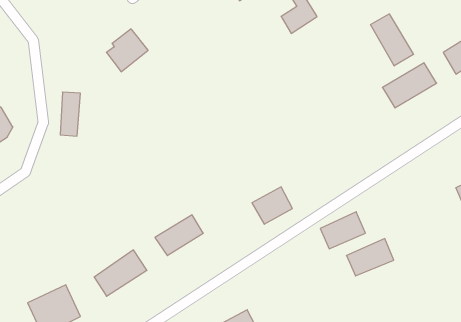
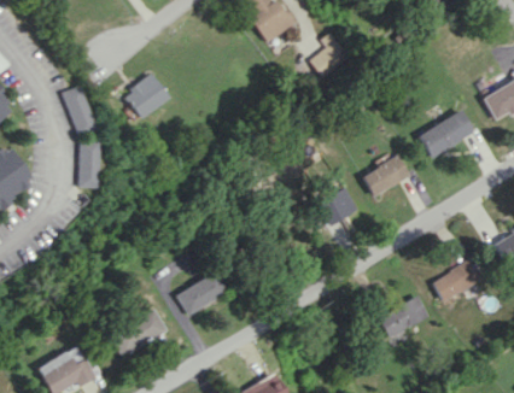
building: [371,14,414,66] -> none
building: none -> [62,86,94,136]
building: none -> [362,154,411,196]
building: [252,187,292,224] -> [315,187,358,227]
building: [320,212,365,249] -> [436,260,484,300]

